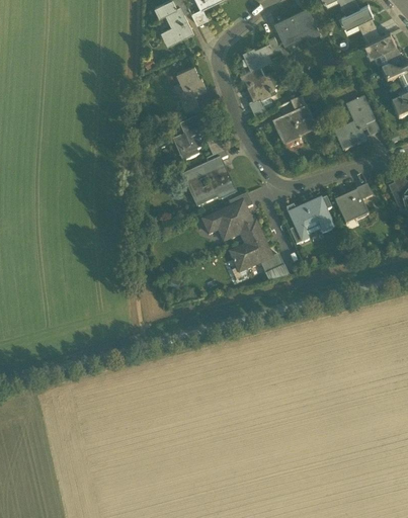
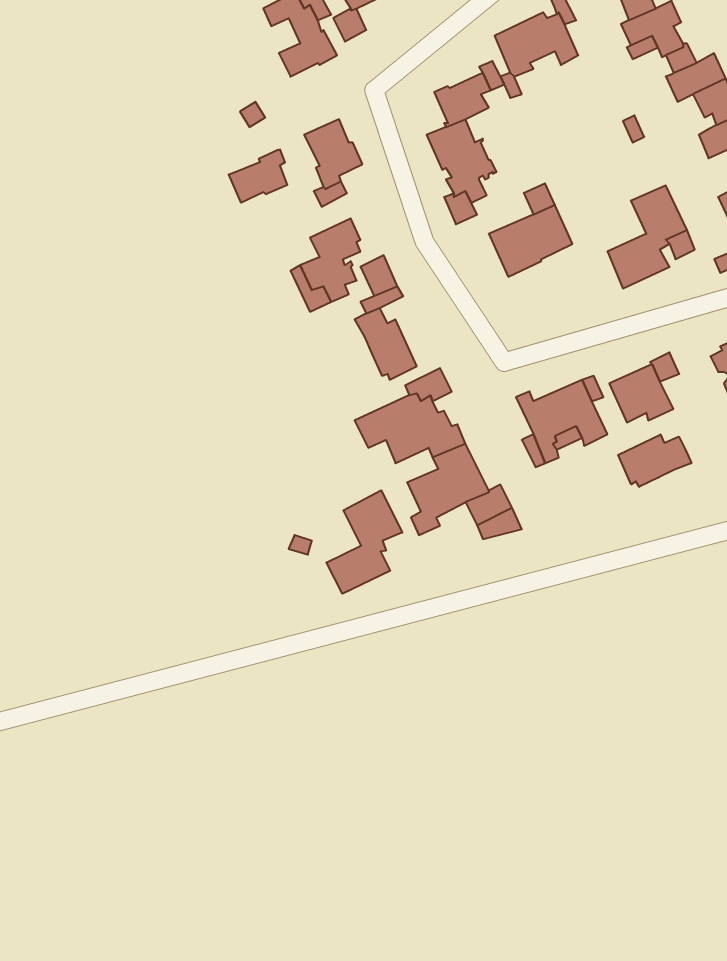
building: none -> [229,149,287,203]
building: [183,167,217,205] -> none
building: none -> [618,434,691,487]
building: none -> [326,490,402,594]

